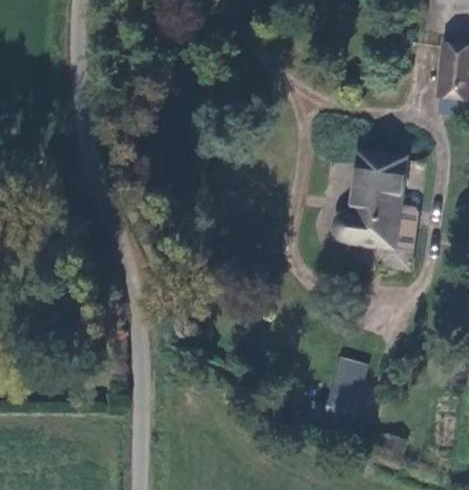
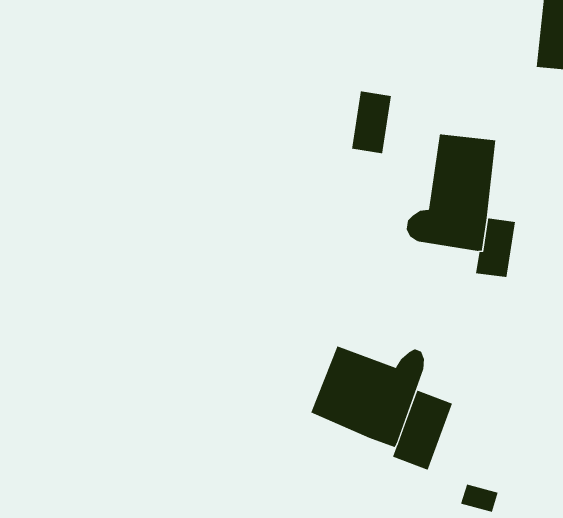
building: none -> [352,90,391,154]
building: none -> [310,346,425,448]

